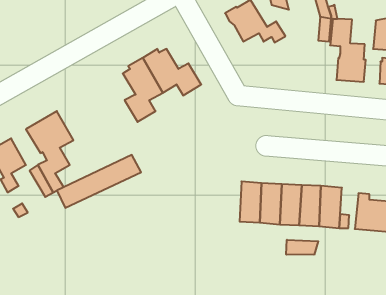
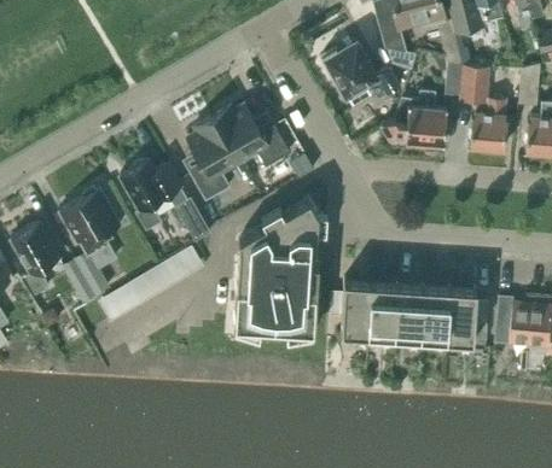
building: none -> [383,92,448,145]
building: none -> [121,162,211,242]
building: none -> [233,201,329,343]
building: [286,240,318,255] -> none

